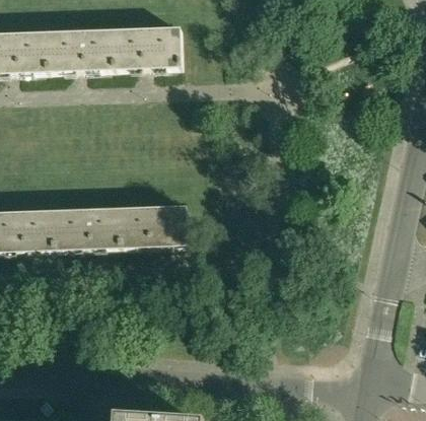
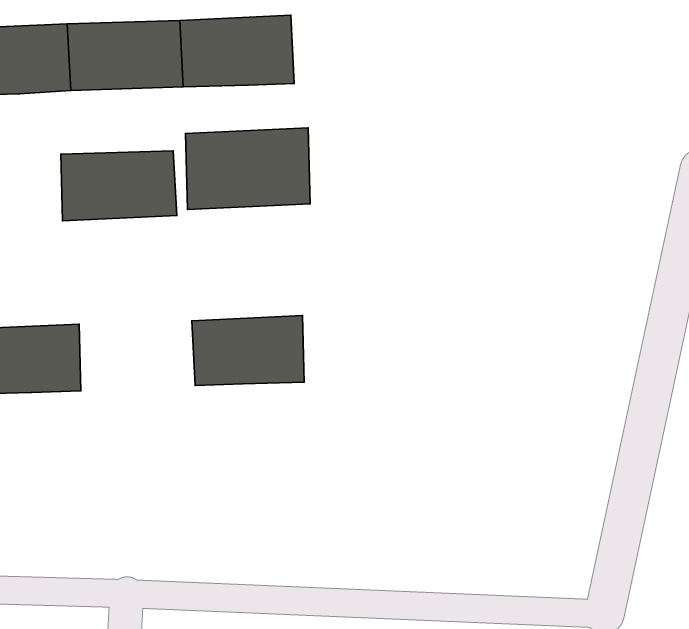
building: none -> [185,128,310,209]
building: [54,208,123,250] -> [61,151,177,221]

